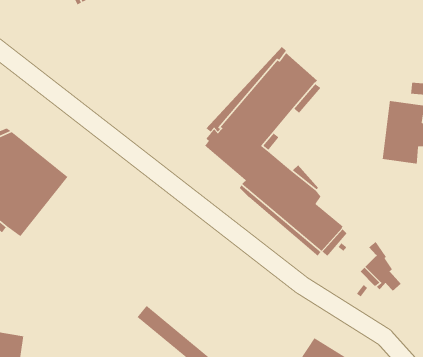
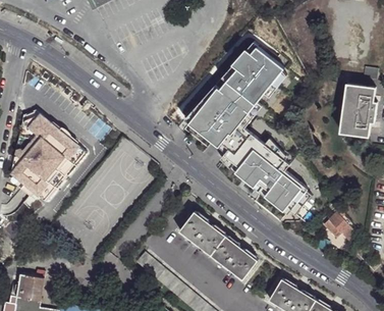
building: none -> [181,213,259,281]

